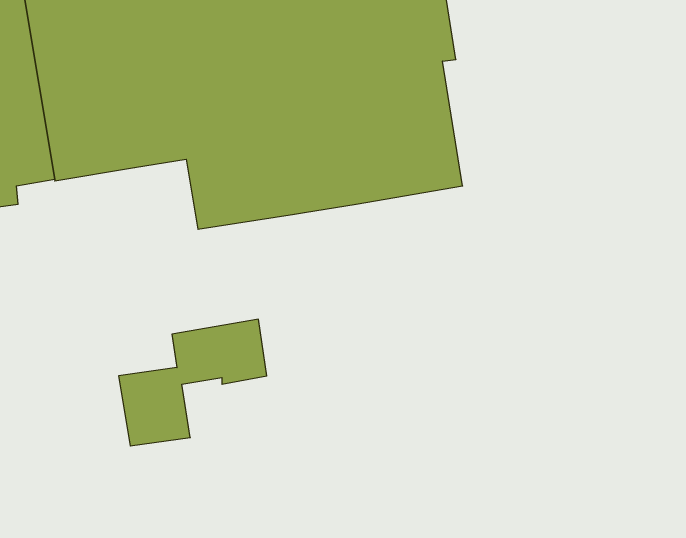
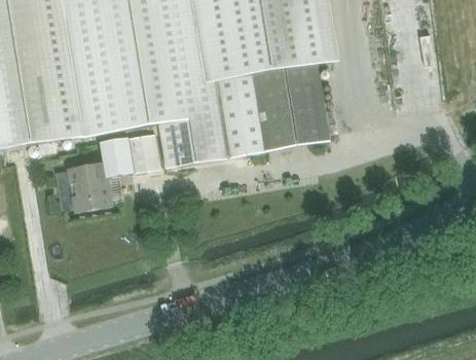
building: [119,319,267,446] -> [68,132,159,210]

